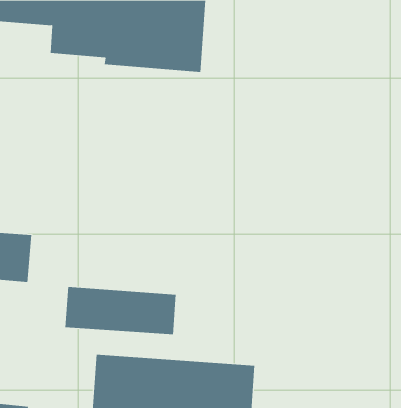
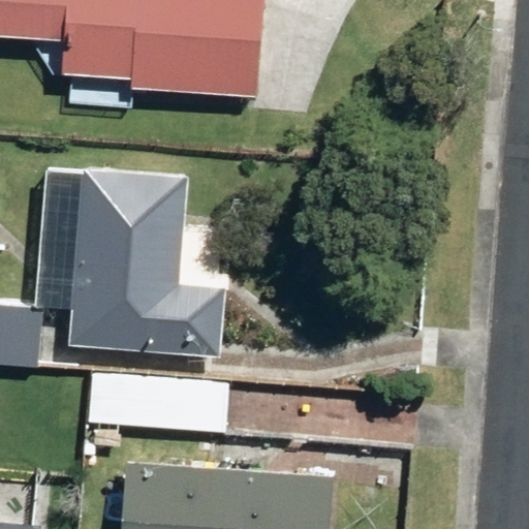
building: none -> [68,164,222,354]

